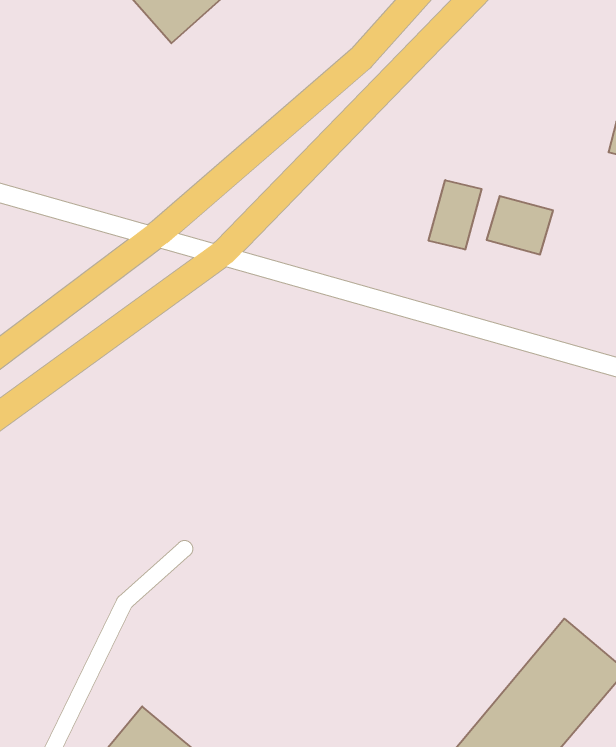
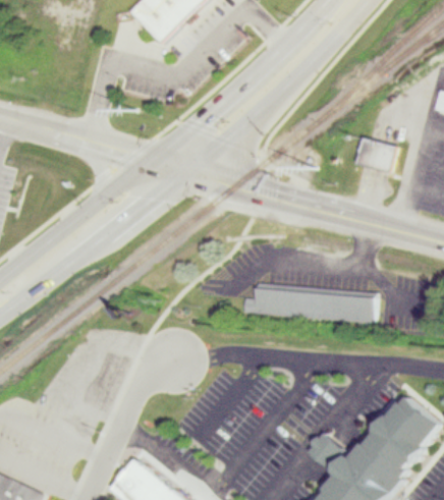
building: [429,180,482,250] -> none
building: none -> [237,284,371,322]

